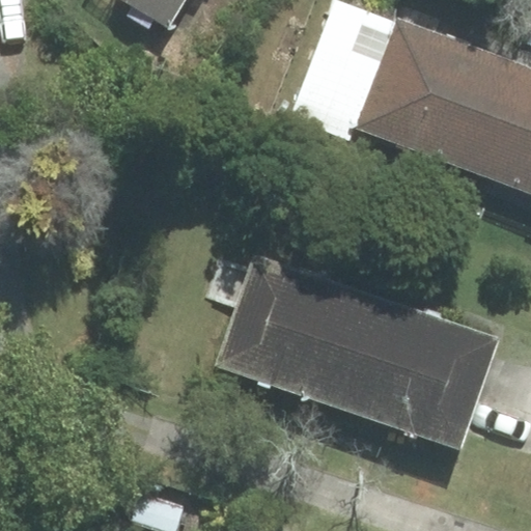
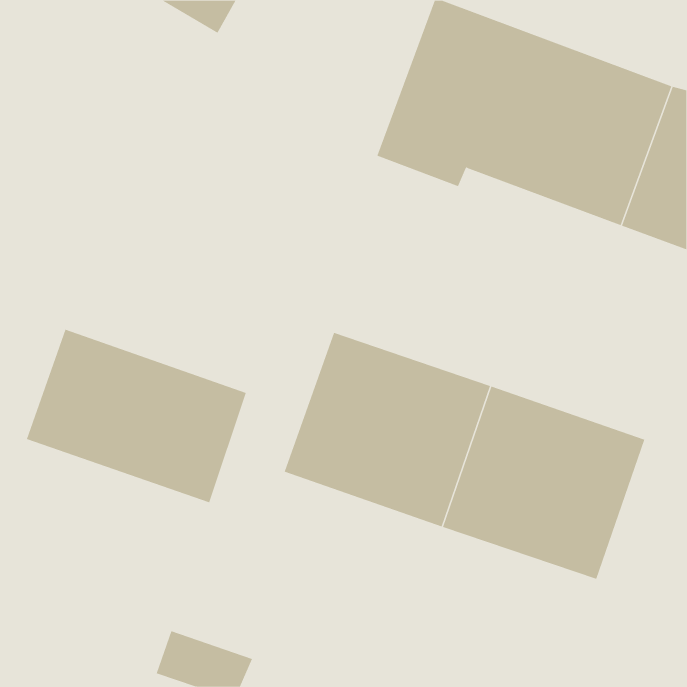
building: none -> [26,329,247,503]

